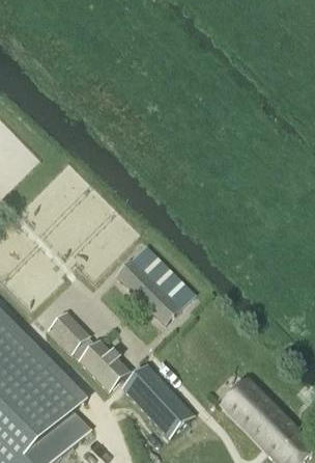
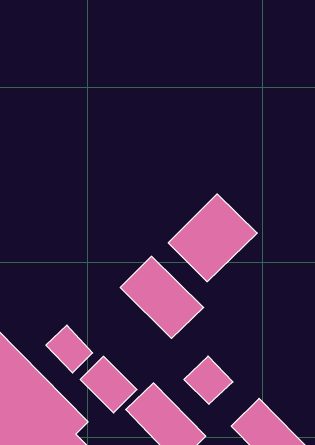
building: none -> [168,194,257,282]
building: none -> [184,356,233,404]

